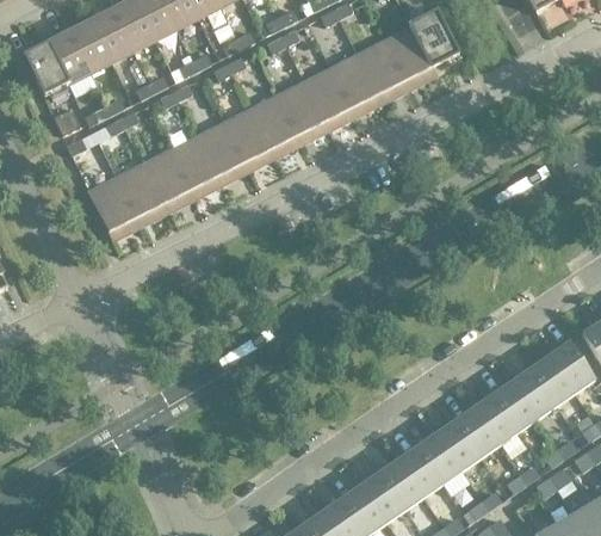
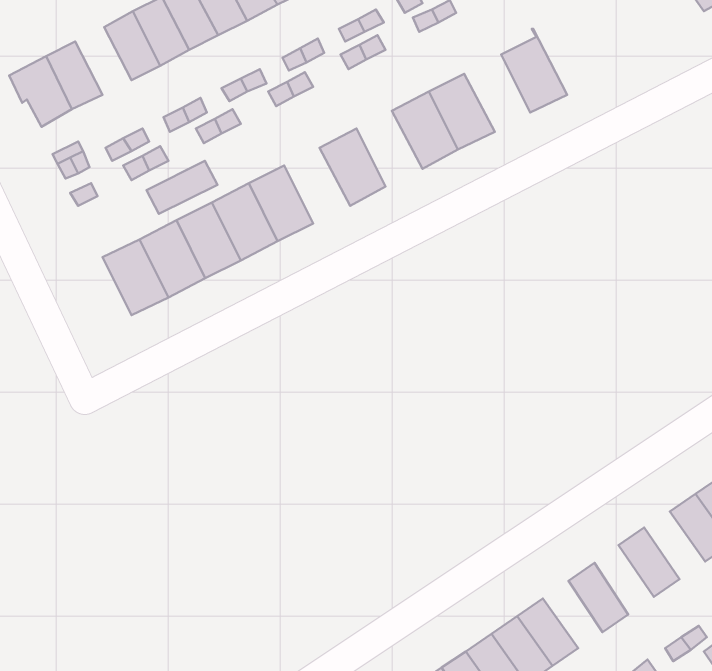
building: [410,7,459,70] -> none
building: [70,20,112,70] -> none
building: [359,41,408,98] -> none
building: [279,82,328,138] -> none
building: [225,110,274,166] -> none
building: none -> [146,161,217,214]
building: [492,380,538,430] -> none
building: [456,405,500,456] -> none
building: [417,431,461,481] -> none

